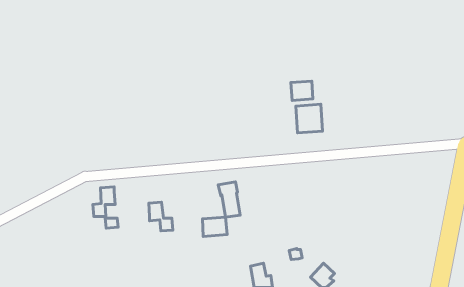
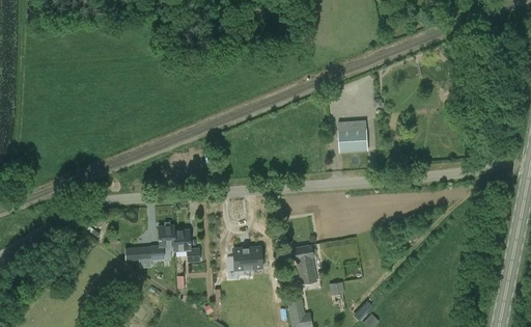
building: [291,81,313,101] -> none
building: [218,182,240,217] -> [291,245,316,284]
building: [93,187,115,217] -> [149,226,174,260]

